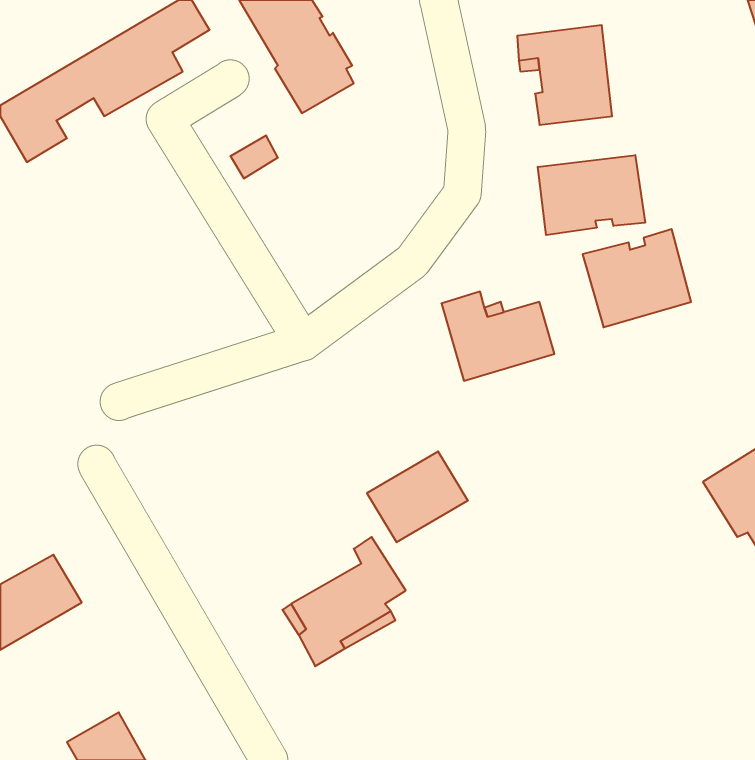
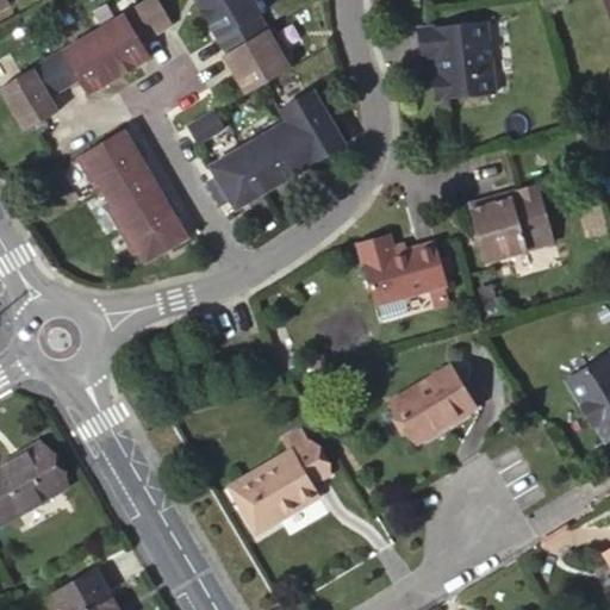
building: none -> [210,85,347,213]
building: [538,155,645,235] -> none
building: none -> [75,130,199,262]
building: [367,451,468,542] -> [393,369,474,442]

